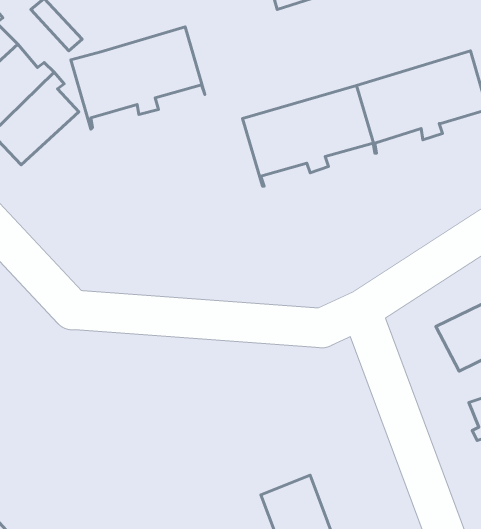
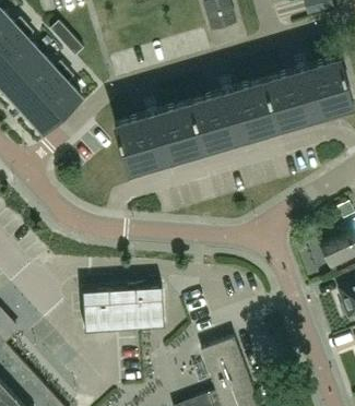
building: [71,27,205,129] -> [114,104,202,171]
building: none -> [82,287,164,333]

